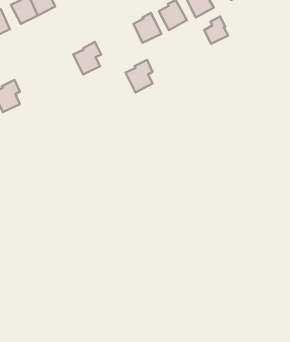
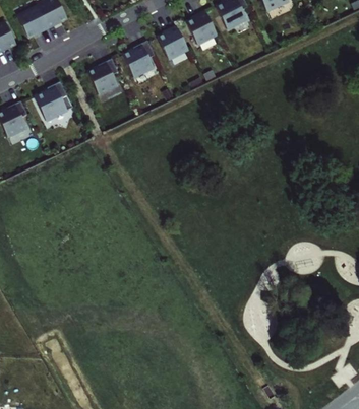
building: [204,16,228,44] -> none
building: [125,60,153,93] -> [122,41,153,77]
building: none -> [35,81,73,120]

